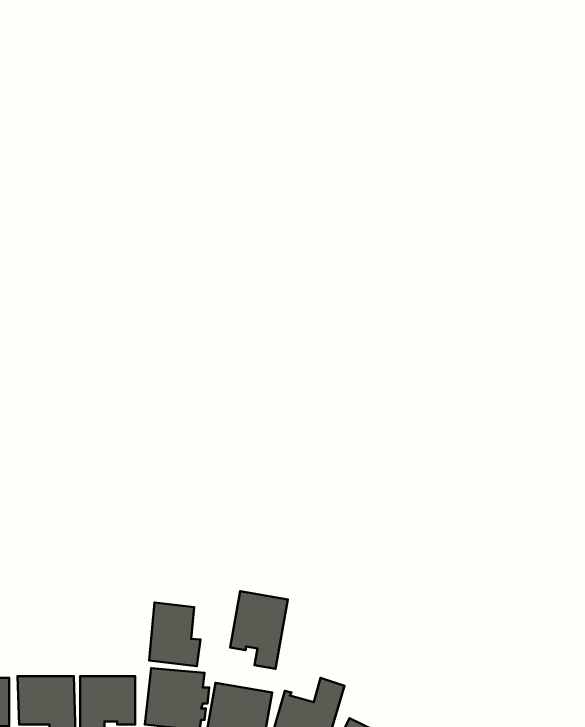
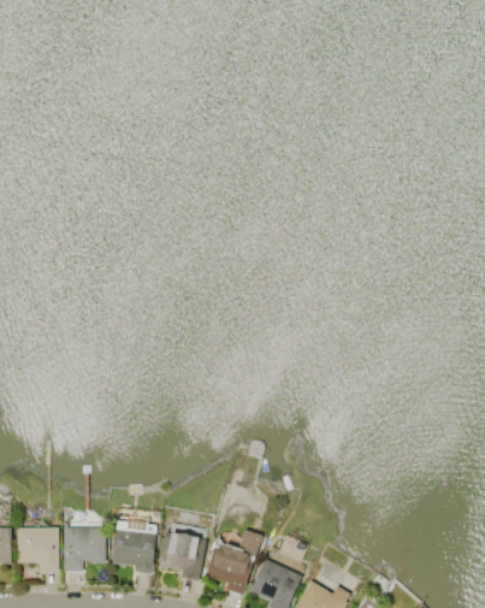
building: [230,591,288,669] -> none
building: [149,603,201,666] -> none

